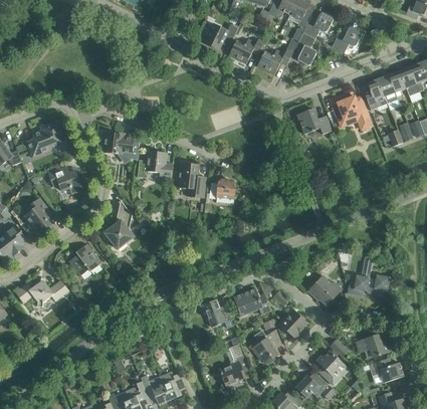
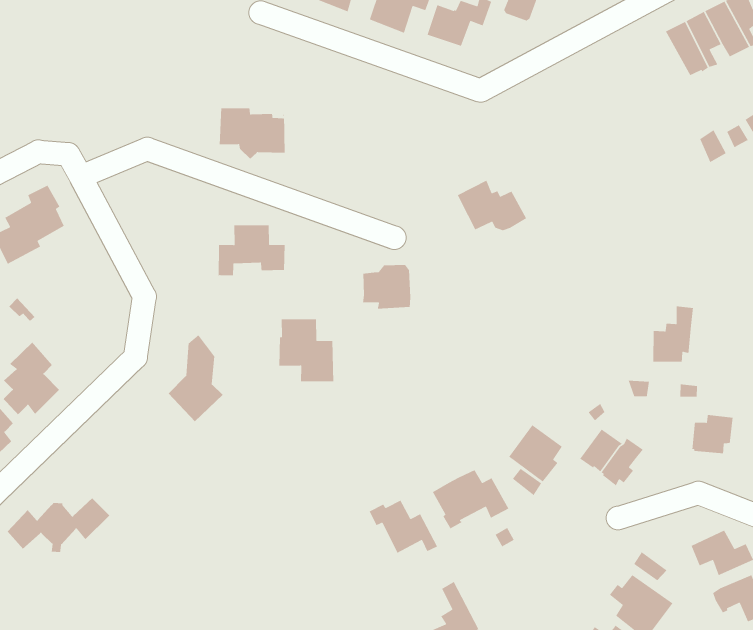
building: [366,78,388,110] -> none
building: [331,93,372,130] -> none
building: [297,109,332,136] -> [457,179,527,231]
building: [104,133,140,161] -> [219,107,285,160]
building: [177,163,206,198] -> [279,318,334,382]
building: [49,169,82,194] -> none
building: [69,243,101,275] -> none
building: [348,266,372,295] -> [652,306,694,363]
building: [279,309,307,339] -> [508,424,563,483]
building: [254,329,282,364] -> none

